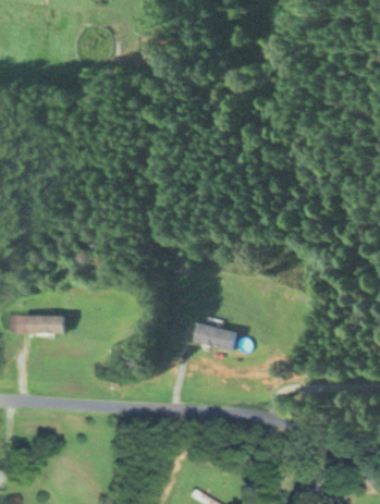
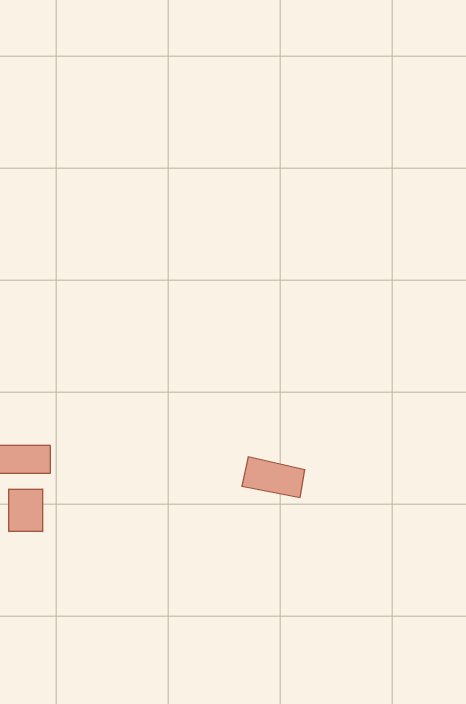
building: none -> [9,489,43,532]

